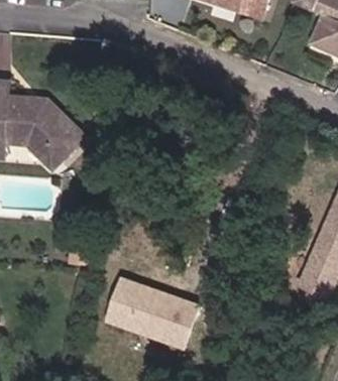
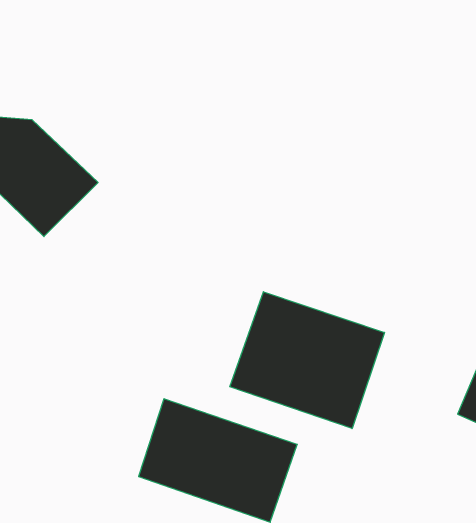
building: none -> [230,292,384,429]

